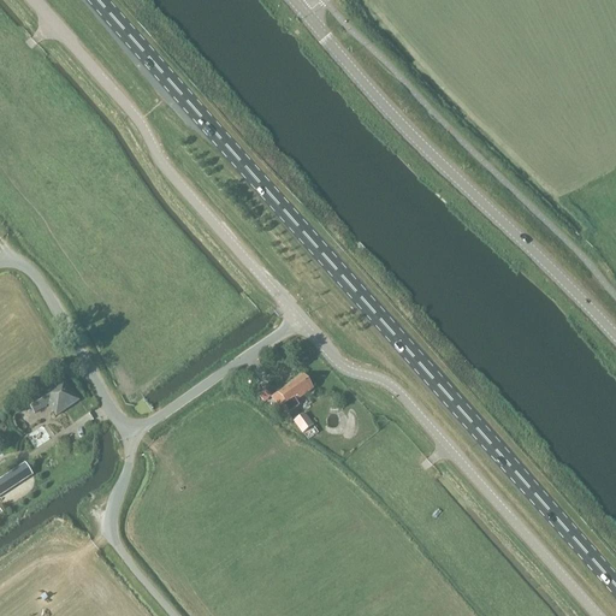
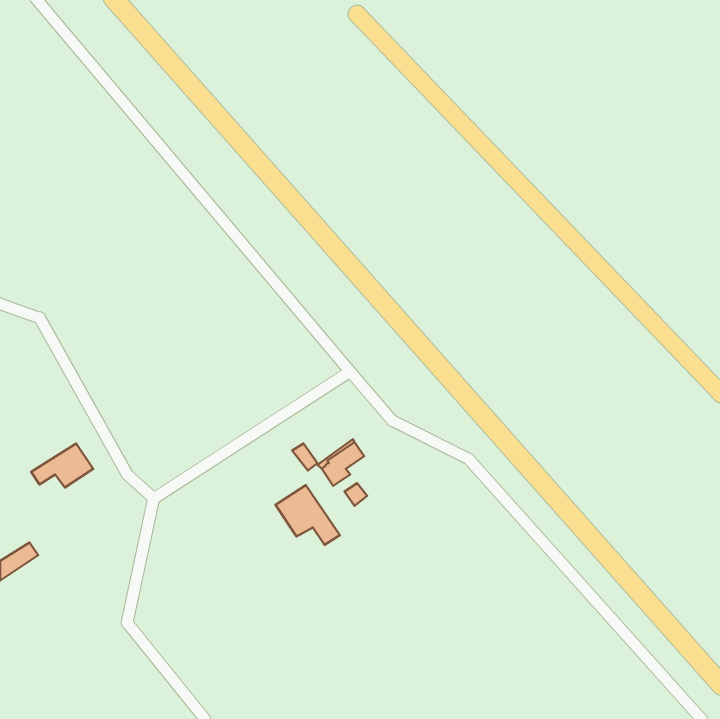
building: none -> [275,485,340,545]

